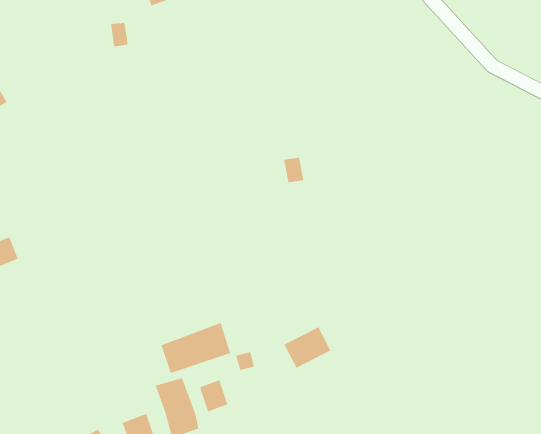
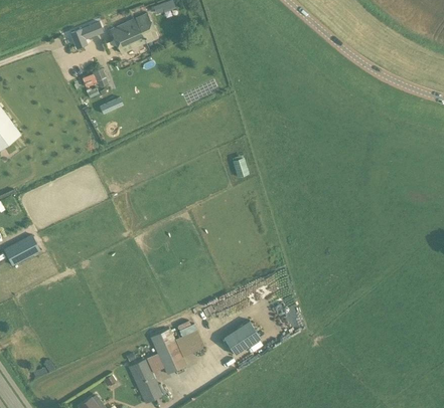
building: [161,322,231,374] -> none
building: [283,326,331,369] -> [224,322,260,355]

